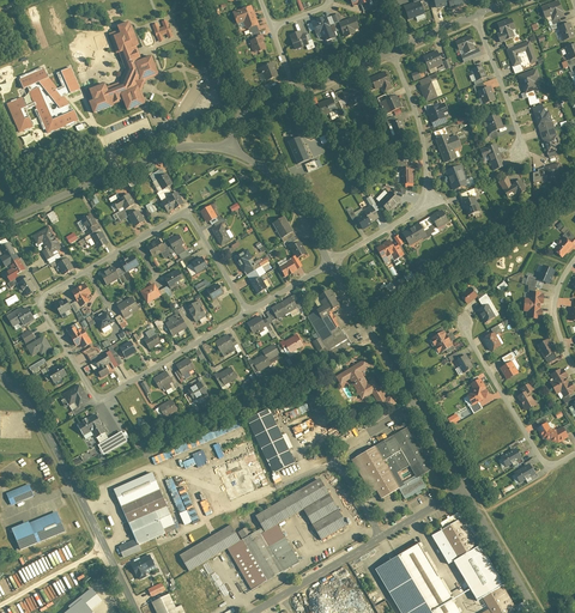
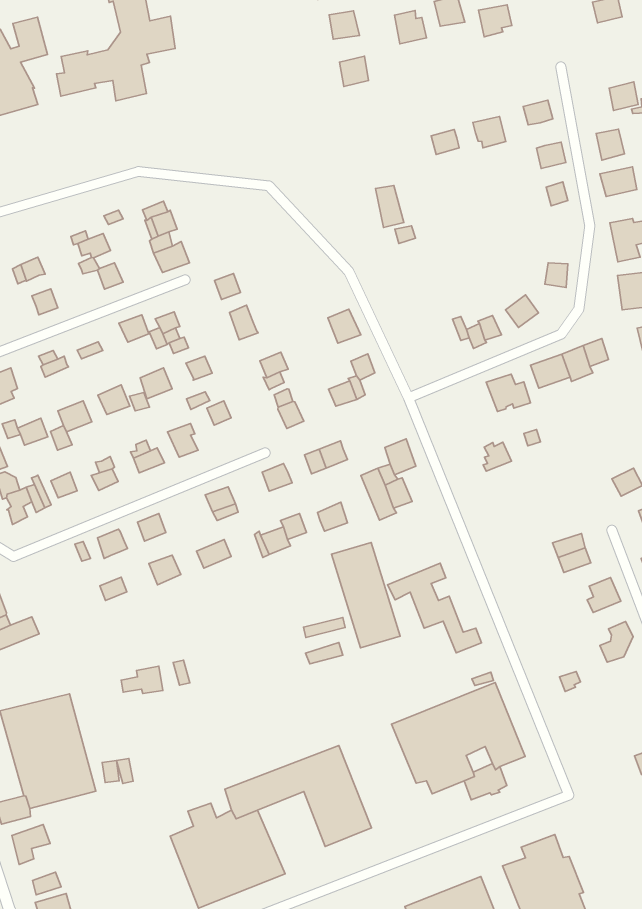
building: [246,409,295,474] -> [332,542,400,648]
building: [178,526,240,572] -> none

